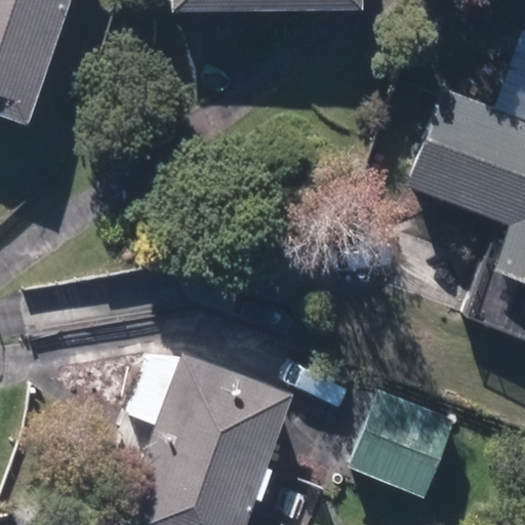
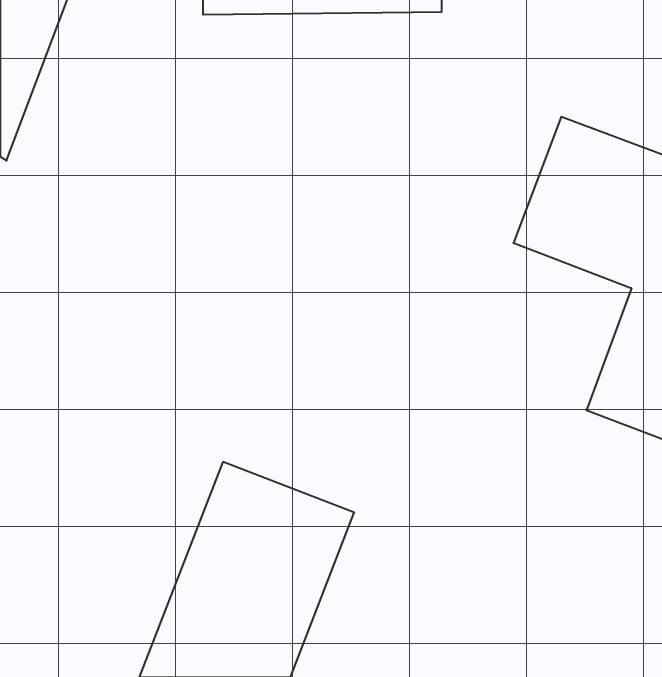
building: [351,392,454,496] -> none

